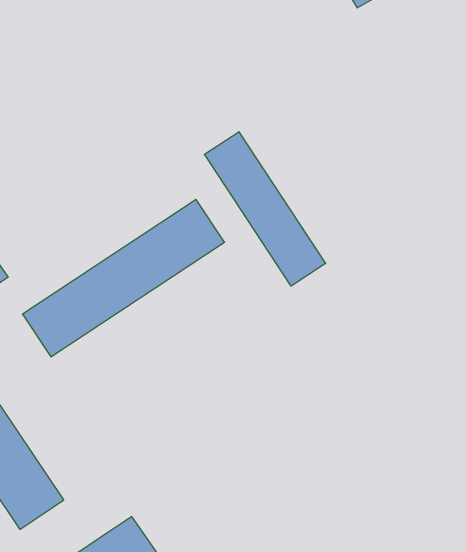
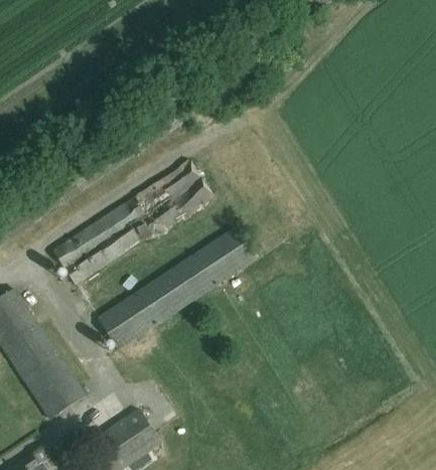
building: [204,132,326,286] -> none
building: none -> [97,227,255,350]

